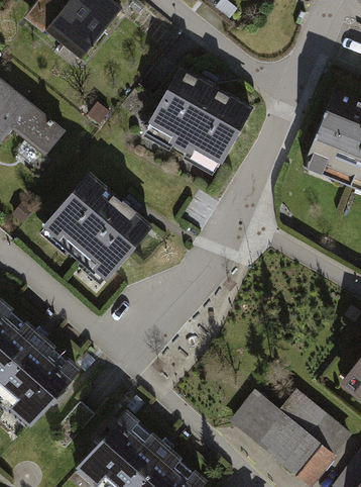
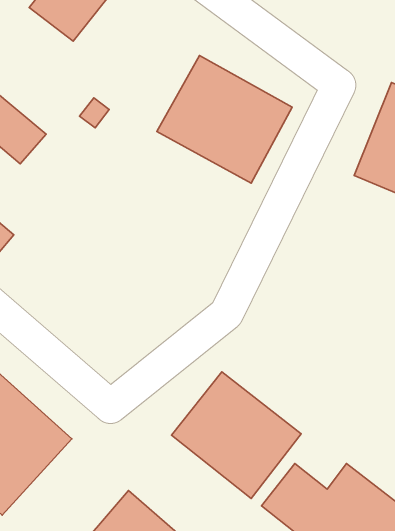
building: [38,168,151,279] -> none
building: none -> [171,372,301,498]

